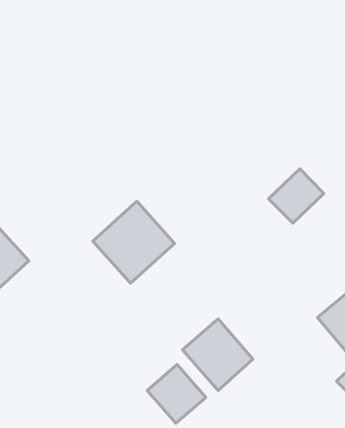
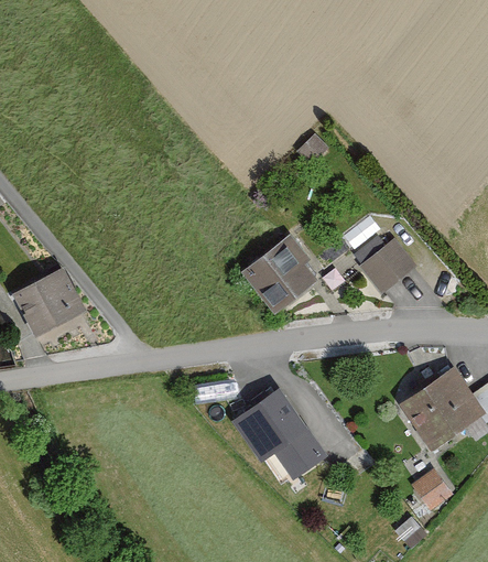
building: [93,201,175,283] -> [234,230,324,321]
building: [147,365,206,423] -> none

